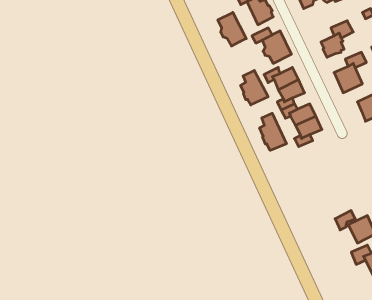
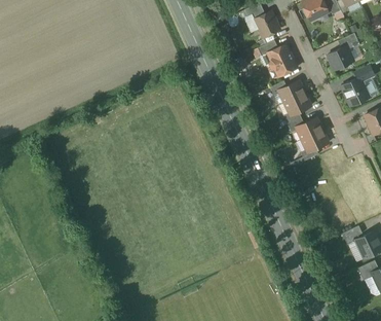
building: [218,12,246,46] -> none
building: [241,70,268,105] -> none
building: [260,113,286,150] -> none

